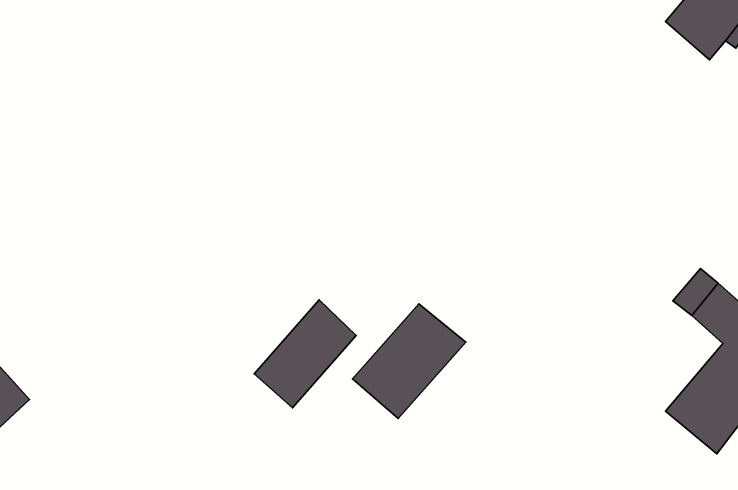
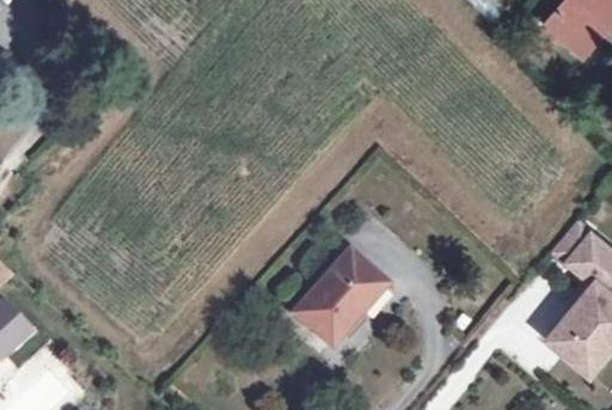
building: [254,300,356,408] -> none

